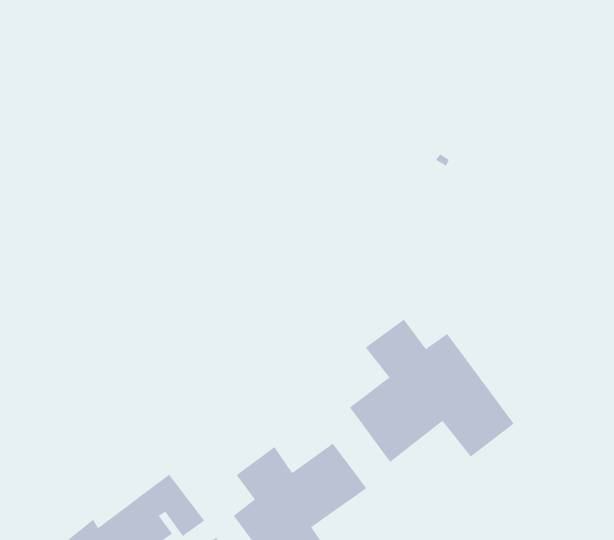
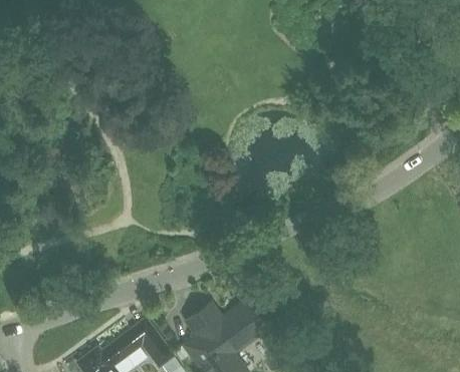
building: [349,319,514,463] -> none

